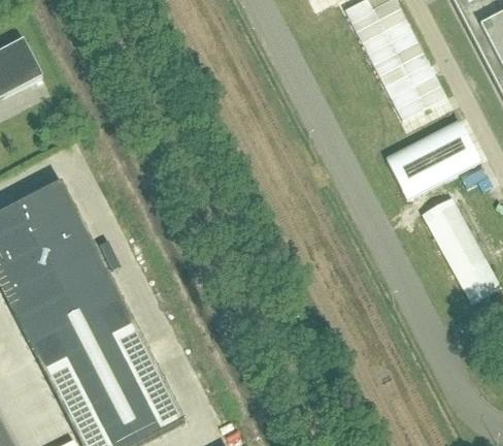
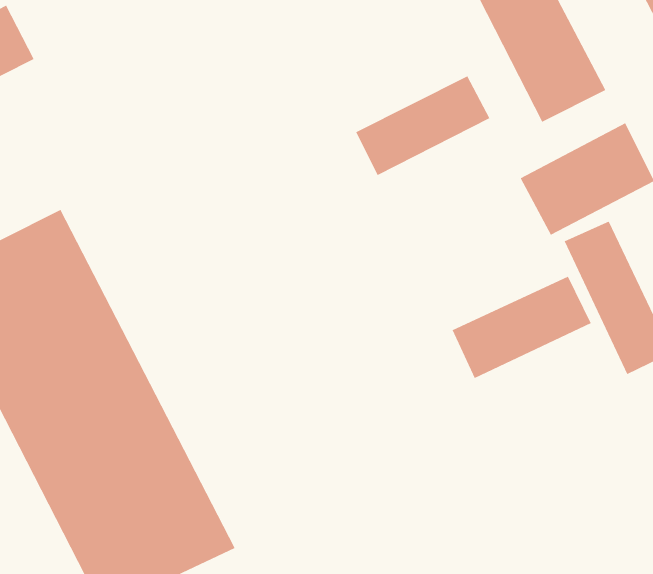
building: none -> [355,75,490,176]
building: none -> [452,276,591,379]

